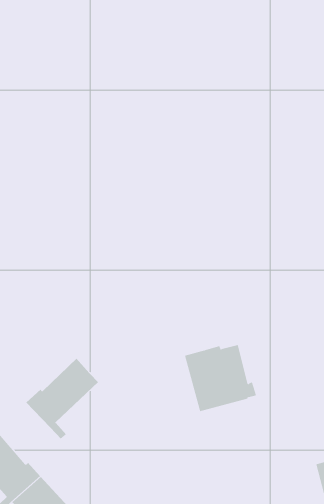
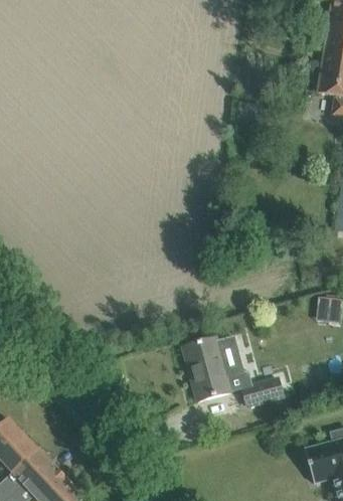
building: [26,358,99,440] -> none
building: none -> [242,377,283,405]

